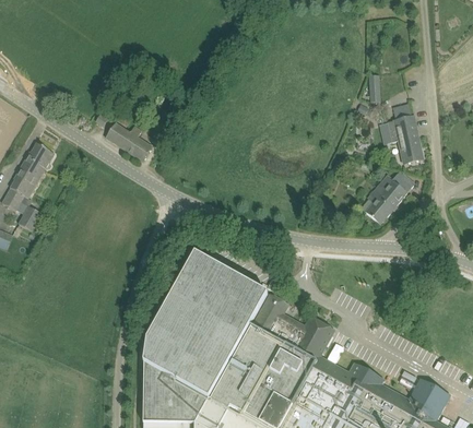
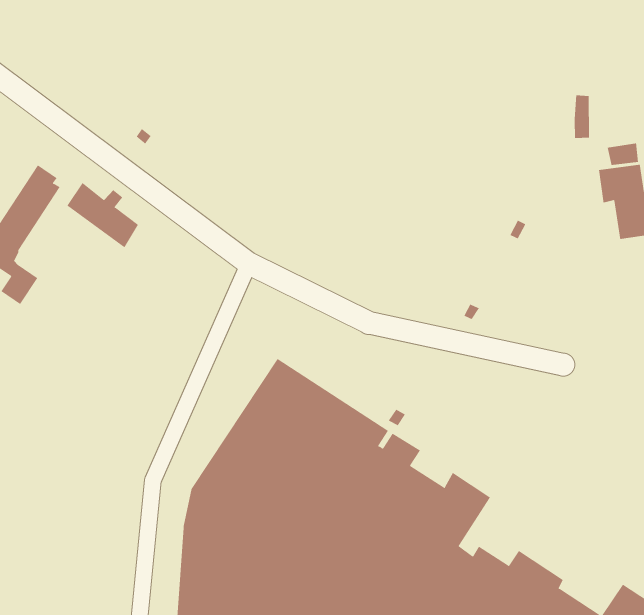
building: [106,121,152,160] -> [67,182,139,248]
building: [360,171,413,224] -> none

